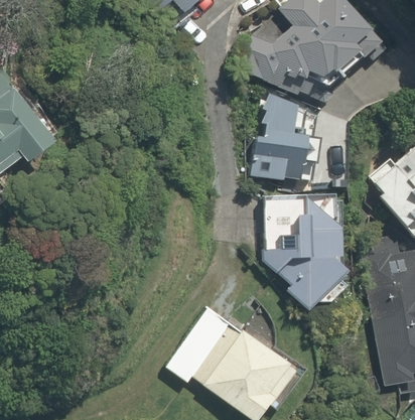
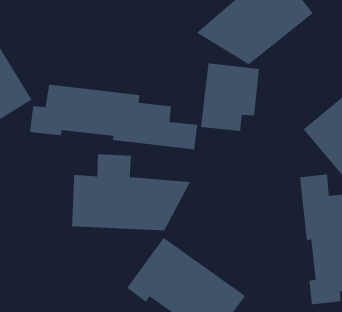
building: none -> [29,84,198,150]
building: [261,196,345,308] -> none
building: none -> [71,154,191,231]

